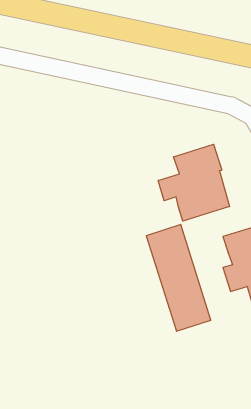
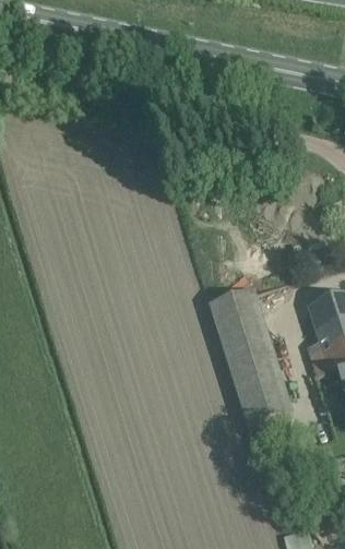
building: [158,144,230,221] -> none

